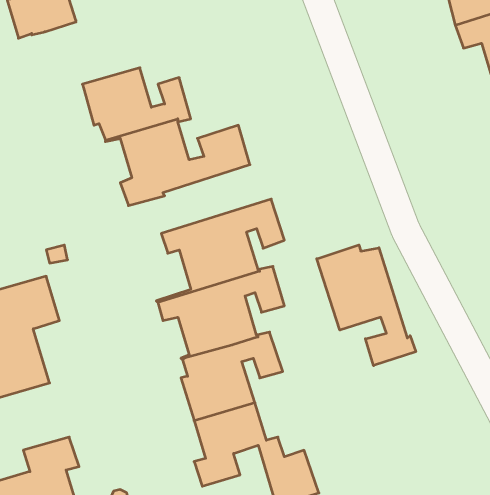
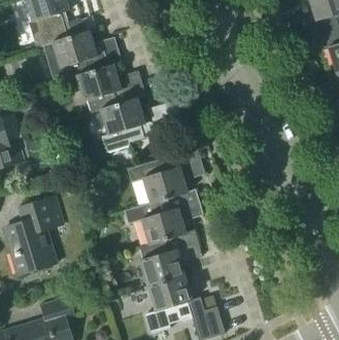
building: none -> [45,31,122,82]
building: [317,245,416,366] -> none

